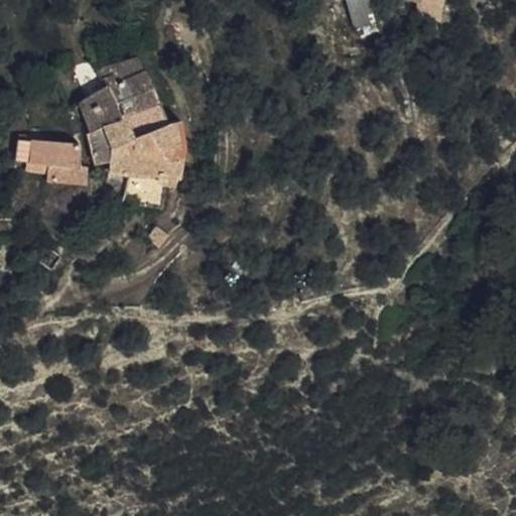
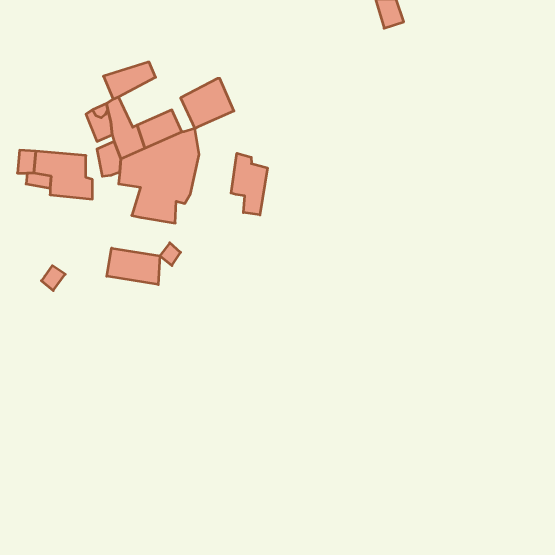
building: [110,72,159,118] -> [181,78,234,128]
building: none -> [231,153,267,215]
building: none -> [107,248,160,285]

